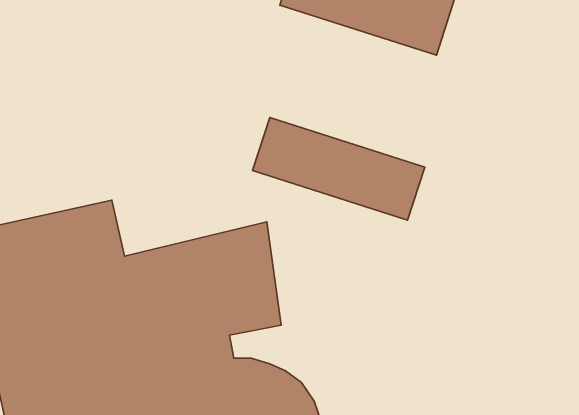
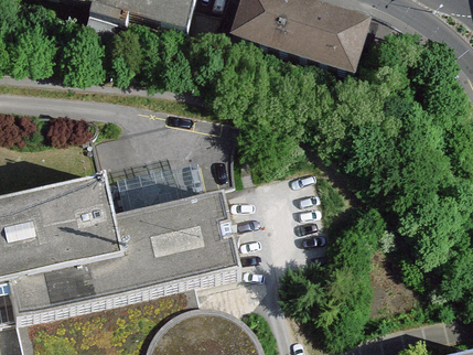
building: [252,118,425,220] -> none

